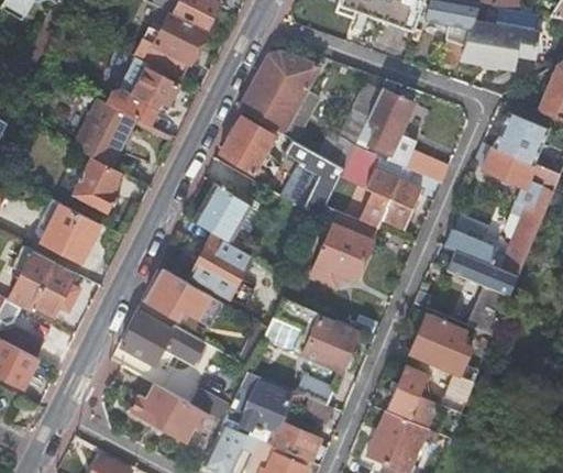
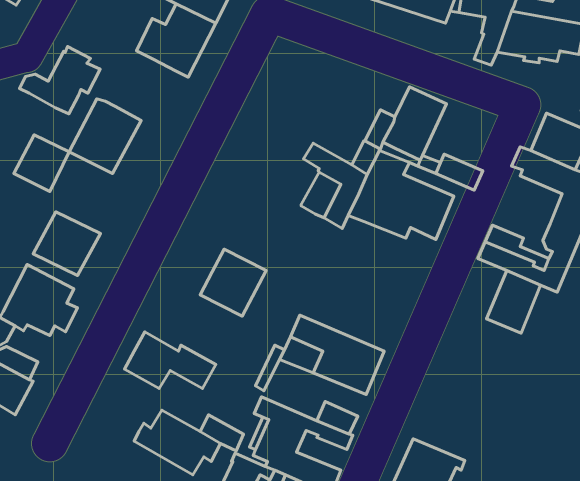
building: [241,53,320,136] -> none
building: [104,63,178,124] -> [19,46,100,114]
building: [221,118,277,178] -> none
building: [71,160,122,211] -> [14,135,69,191]
building: [194,184,256,243] -> none
building: [312,211,379,285] -> none
building: [145,270,224,328] -> none
building: [410,314,475,413] -> none
building: [388,366,428,416] -> none

